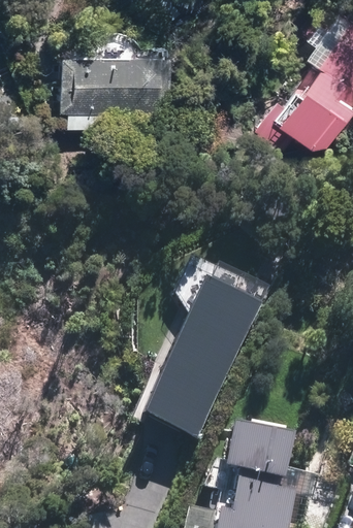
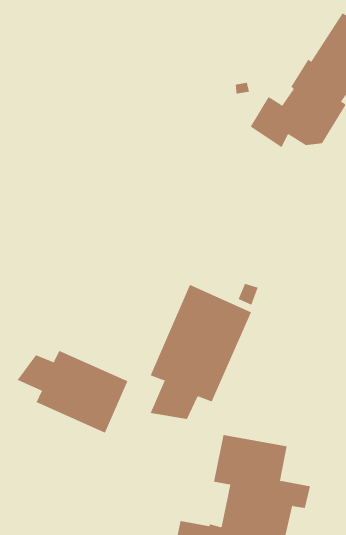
building: [63,58,168,113] -> none
building: none -> [17,350,128,434]

